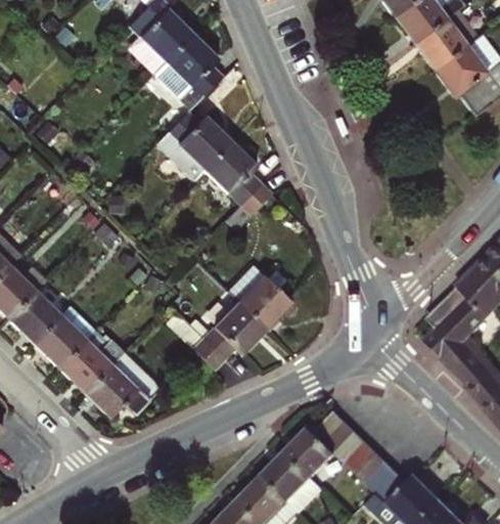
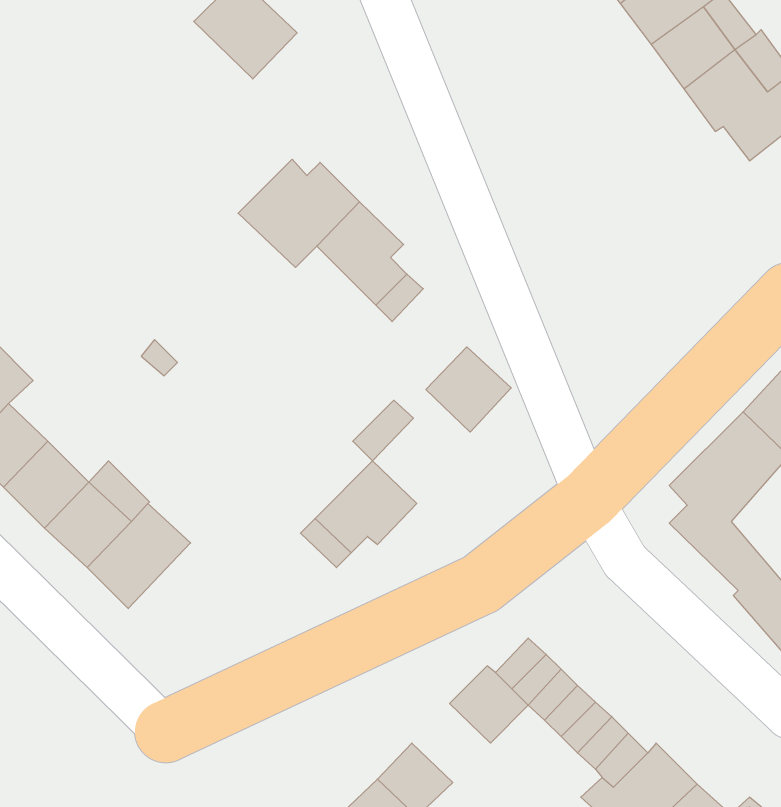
building: [152,35,221,114] -> none
building: [238,275,291,329] -> [426,347,511,432]
building: [86,353,161,418] -> none
building: [263,453,322,513] -> none

